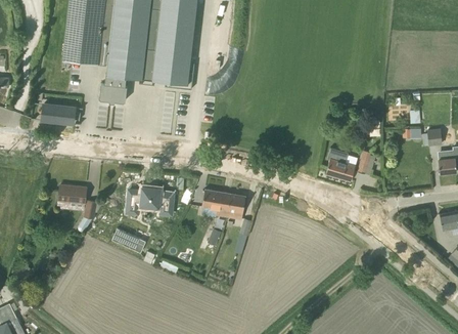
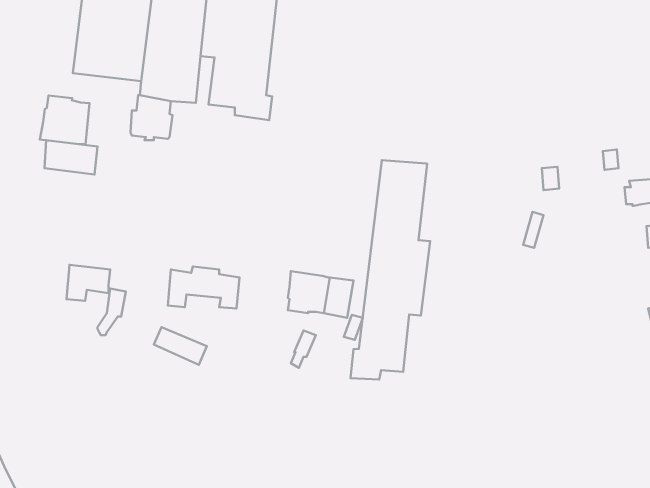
building: none -> [40,95,90,145]
building: none -> [350,160,430,380]
building: [325,148,355,181] -> none

